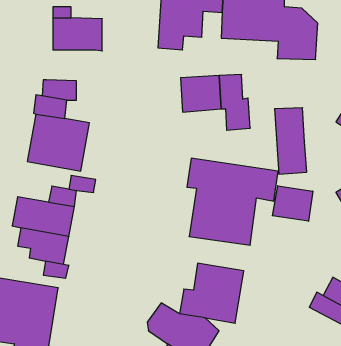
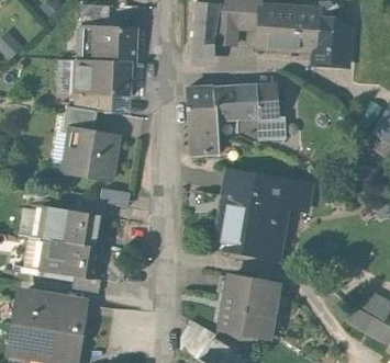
building: none -> [76,59,126,91]
building: [275,108,307,174] -> [185,88,218,156]
building: [272,186,313,221] -> none

